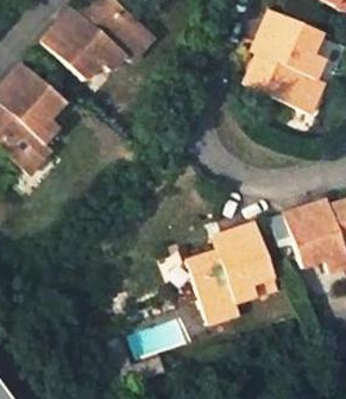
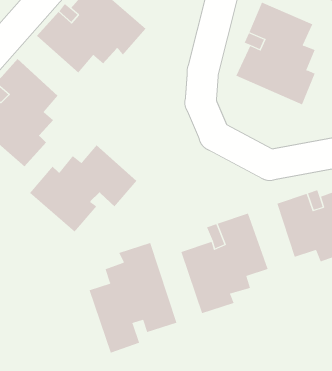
building: none -> [29,145,137,233]
building: none -> [89,242,177,354]

